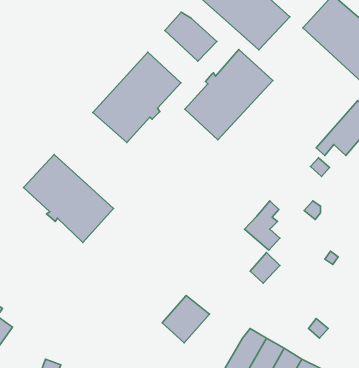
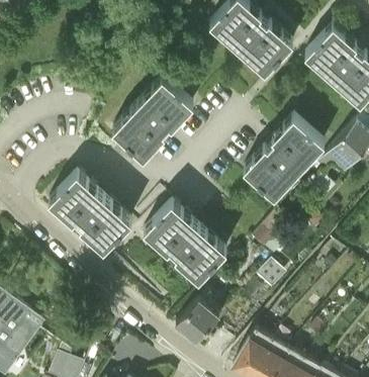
building: [165,12,217,61] -> none
building: [185,50,273,140] -> [243,114,324,197]
building: none -> [143,200,225,280]

